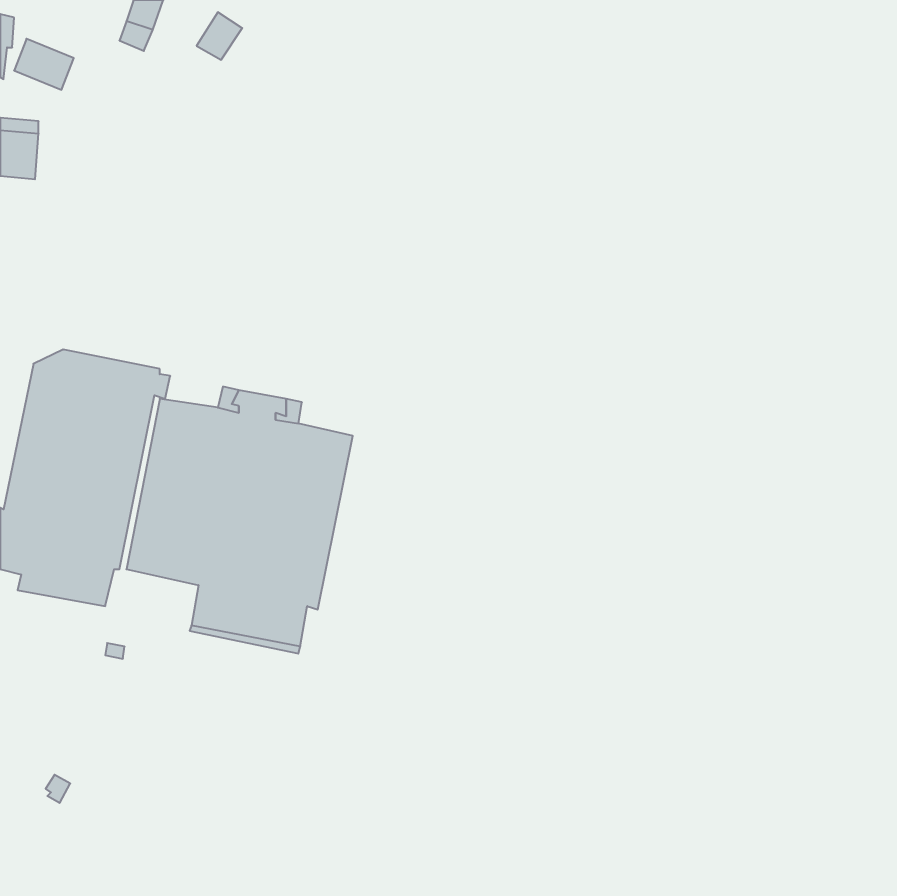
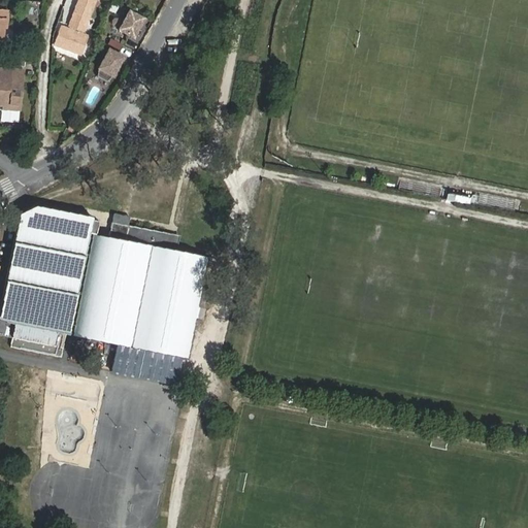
building: [14,39,74,90] -> [55,26,90,56]
building: none -> [95,48,121,80]

